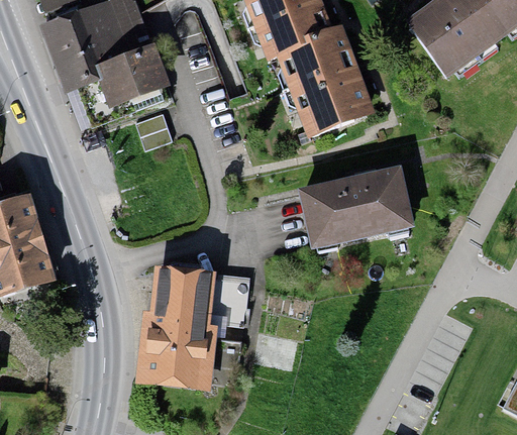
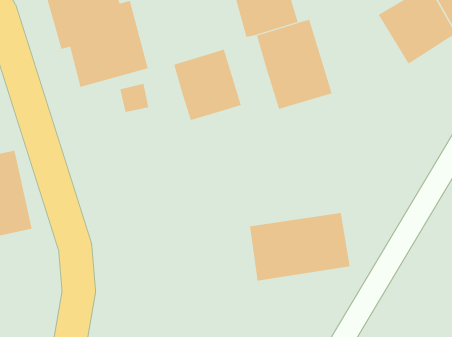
building: none -> [173,49,241,121]
building: [299,167,412,247] -> [249,212,350,281]
building: [148,271,249,379] -> none

